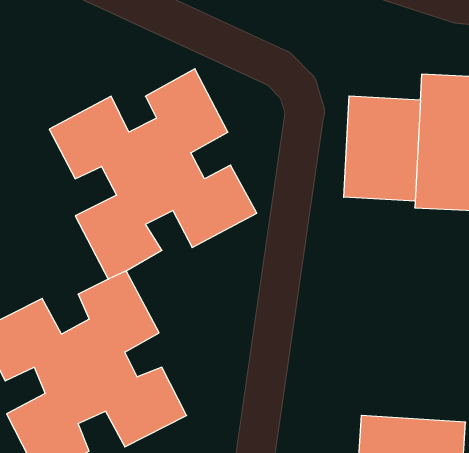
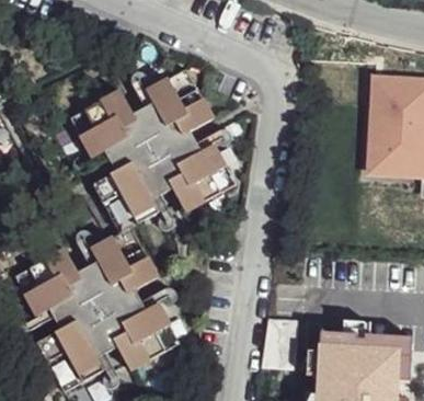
building: [344,96,420,201] -> none

